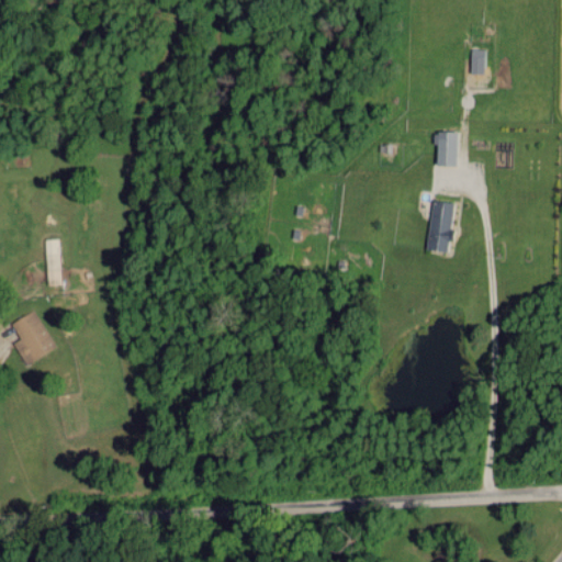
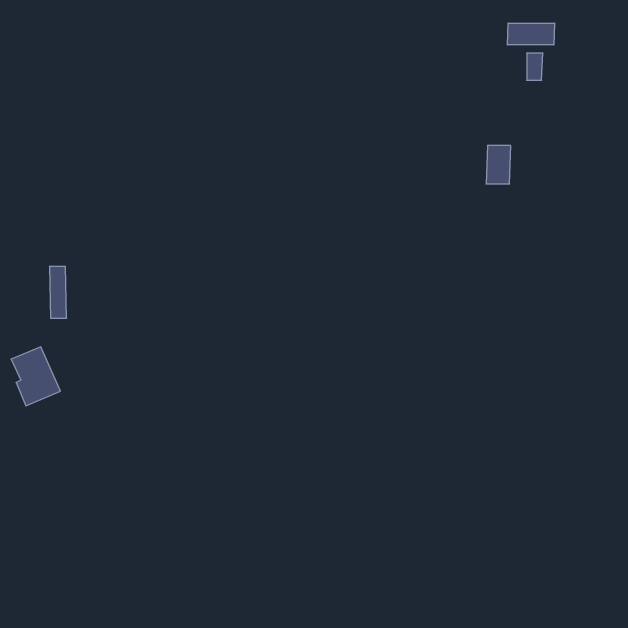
building: none -> [507,23,555,45]
building: [427,201,454,252] -> none

